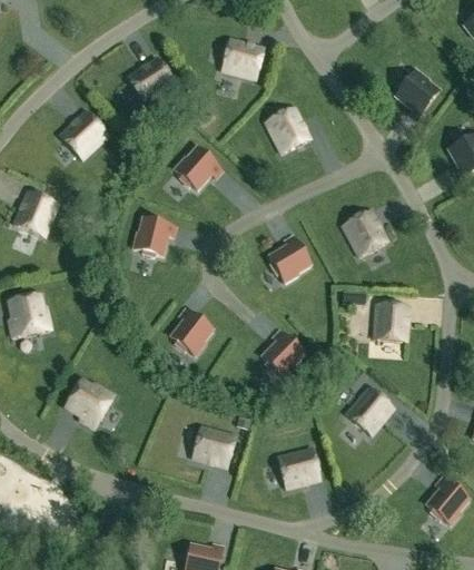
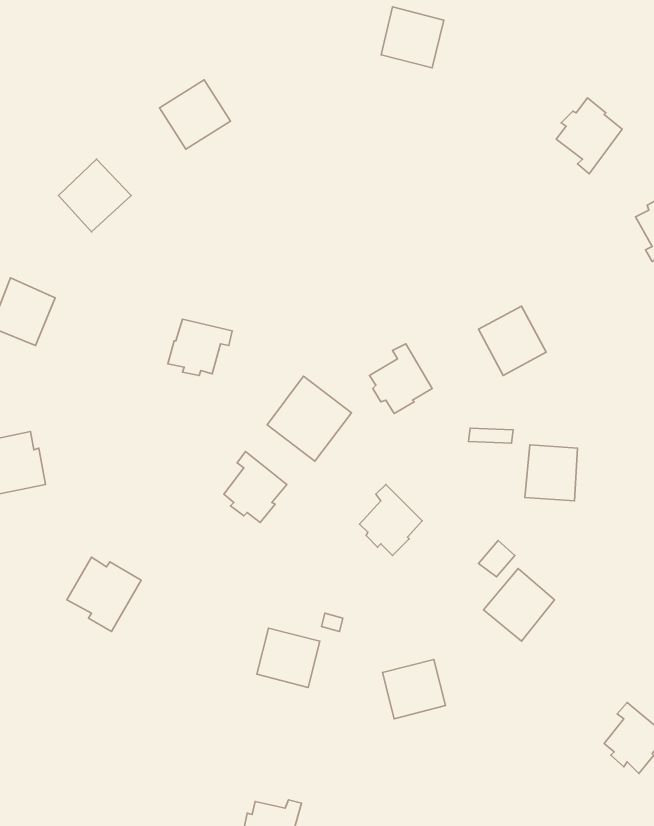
building: [221,37,264,78] -> [381,7,444,68]
building: [265,106,310,153] -> none
building: [174,146,221,188] -> none
building: none -> [267,376,351,461]

